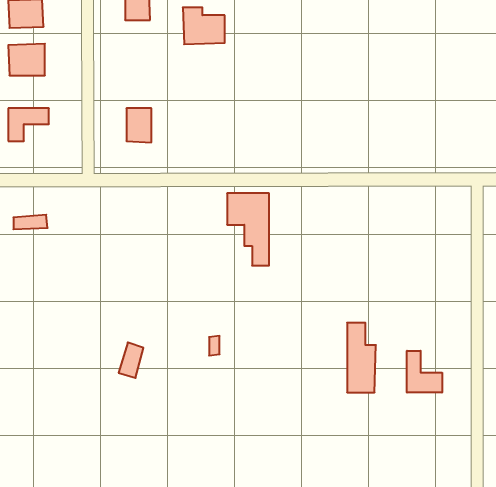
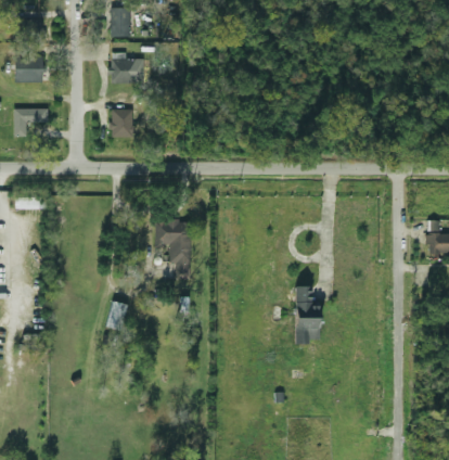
building: [183,7,225,44] -> [111,52,145,82]
building: [227,193,269,266] -> [155,220,190,280]
building: [407,351,442,393] -> none

